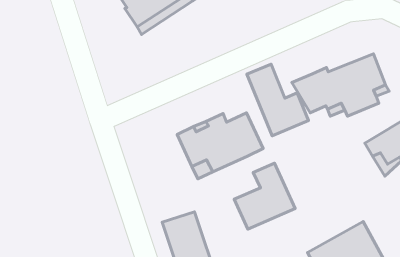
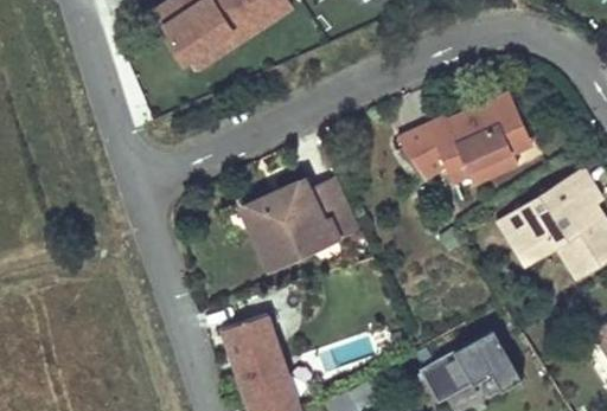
building: [247,64,309,136] -> none
building: [234,163,295,229] -> none

